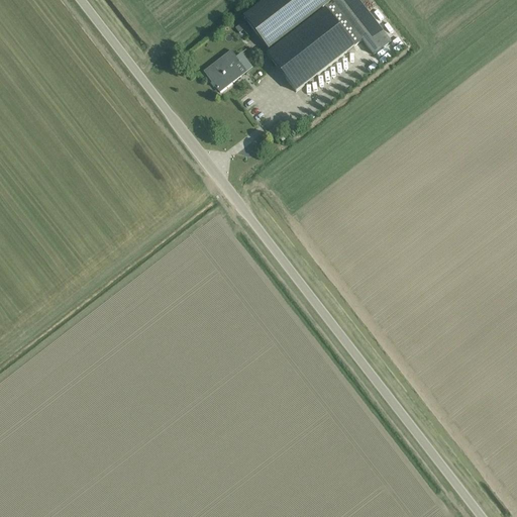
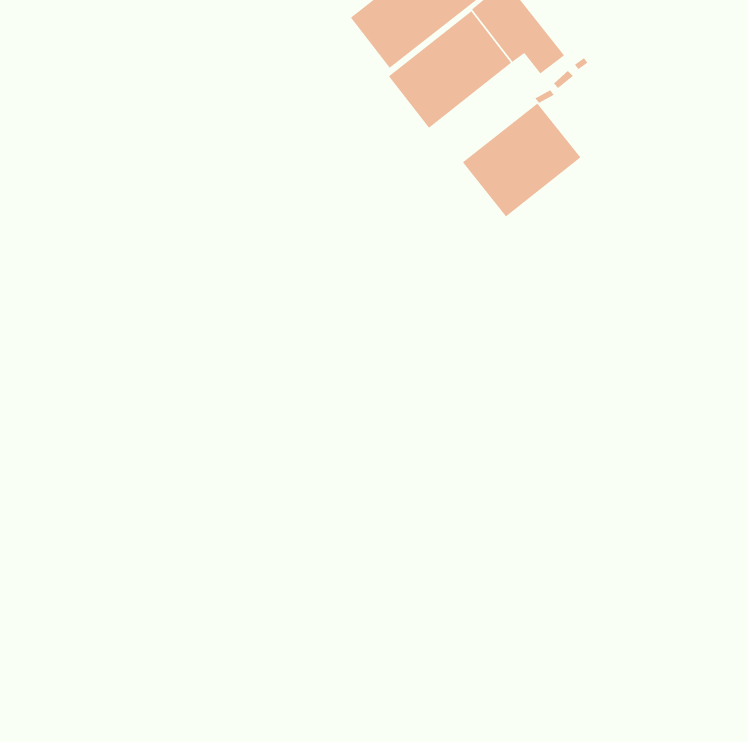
building: [204,47,247,90] -> none
building: none -> [462,102,582,217]

